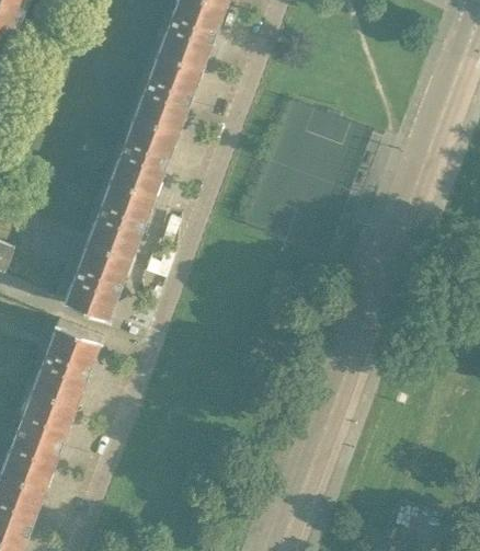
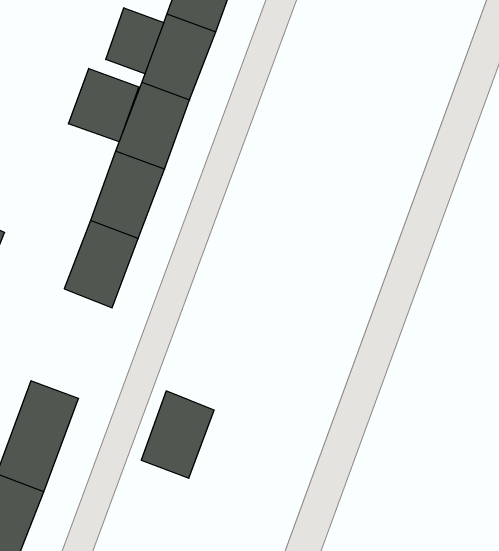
building: none -> [106,8,164,74]
building: none -> [68,68,139,142]
building: [33,325,100,405] -> [141,391,214,478]

